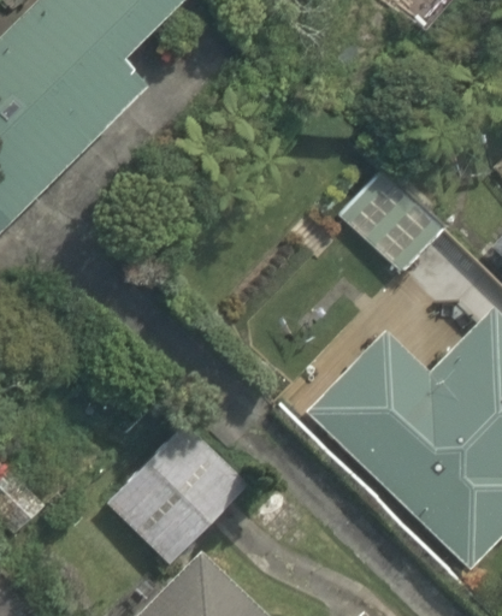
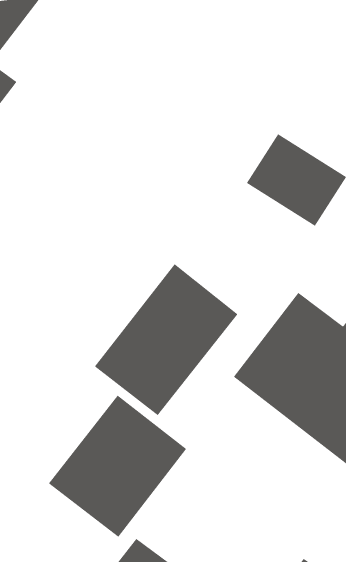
building: none -> [94,263,238,416]

